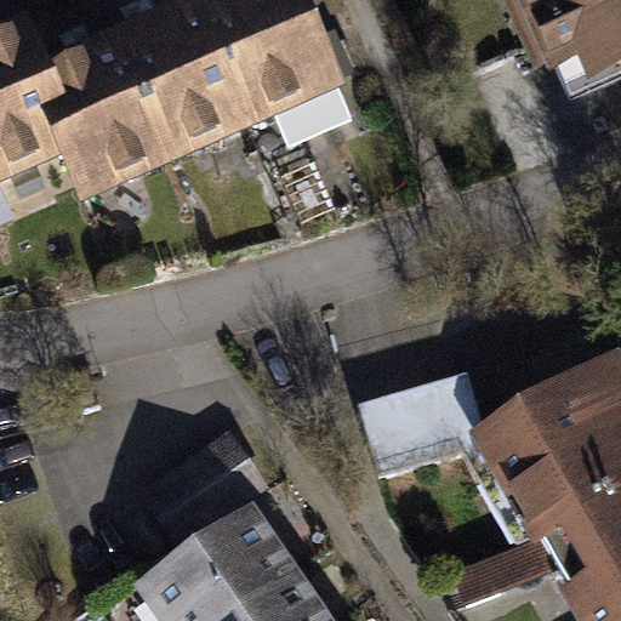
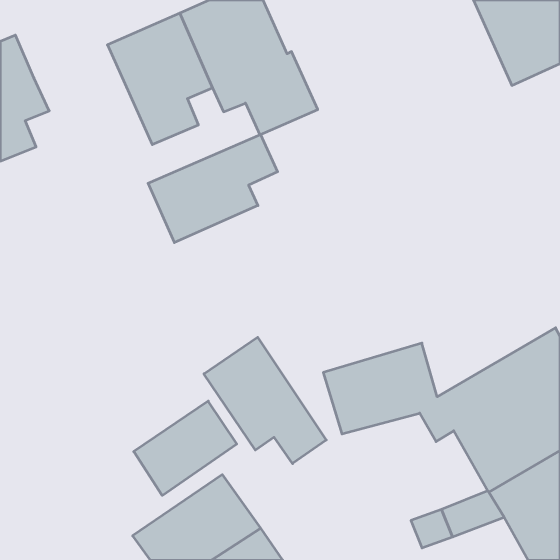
building: [38,50,169,184] -> none
building: none -> [148,134,278,243]
building: none -> [204,337,326,464]

